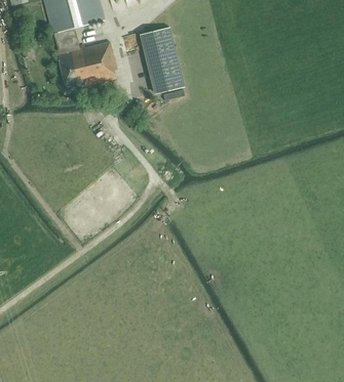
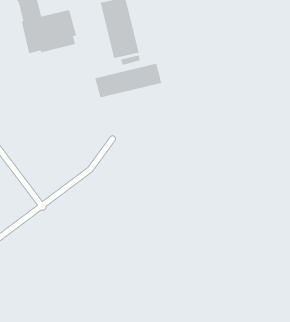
building: none -> [95,63,162,98]

